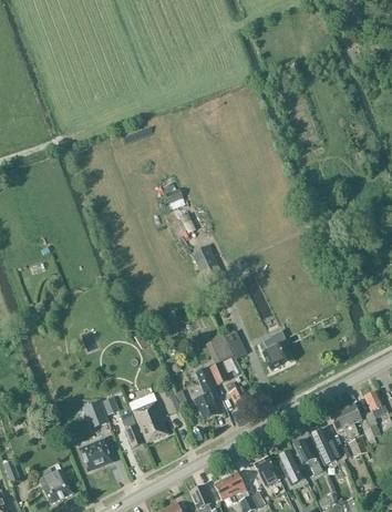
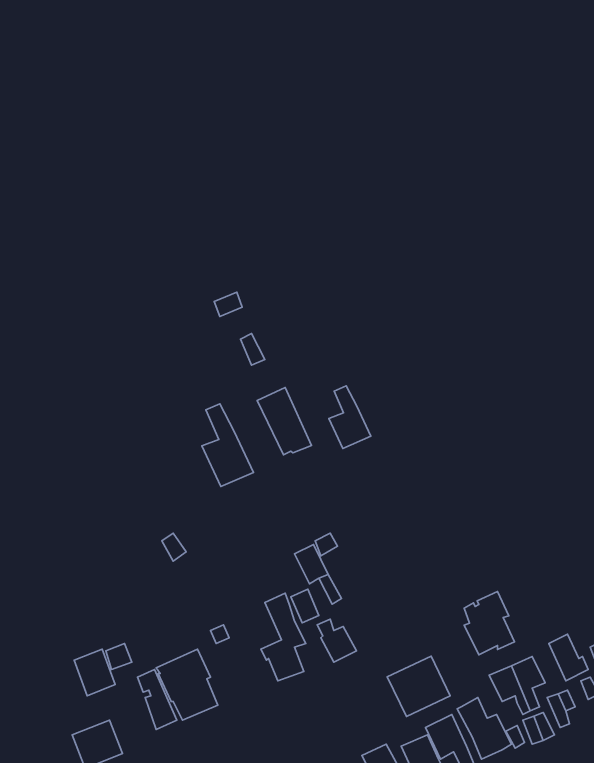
building: none -> [329,386,371,448]
building: none -> [202,404,253,487]
building: [261,331,291,369] -> [464,591,514,655]
building: none -> [387,656,450,716]

